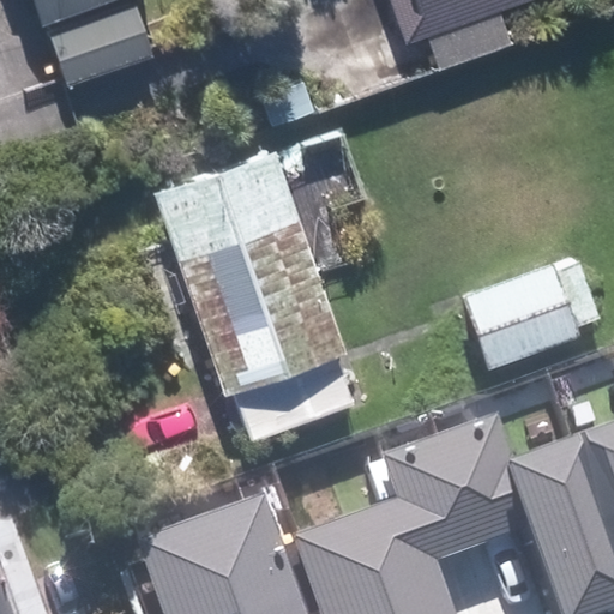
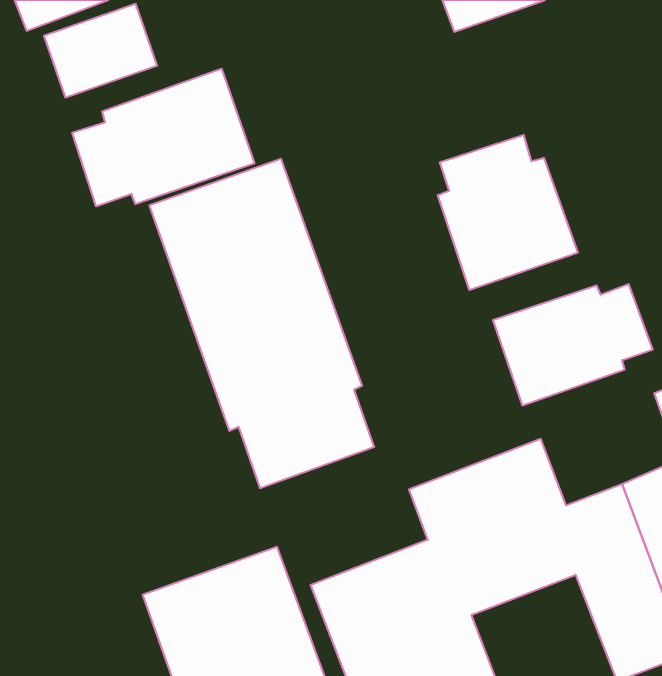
building: none -> [72,69,254,206]
building: none -> [438,135,578,290]

